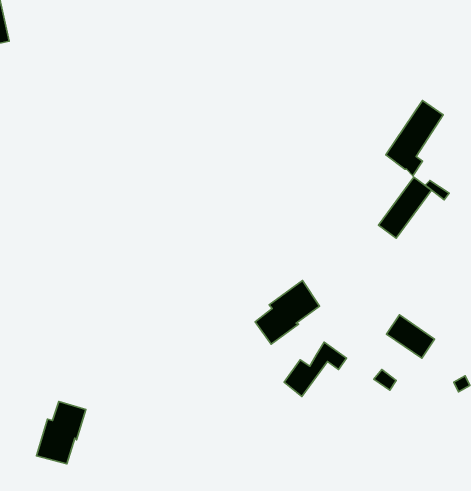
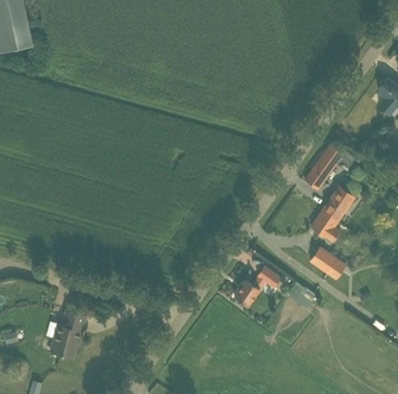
building: [386,100,443,176] -> [311,186,354,242]
building: [255,281,319,344] -> none

